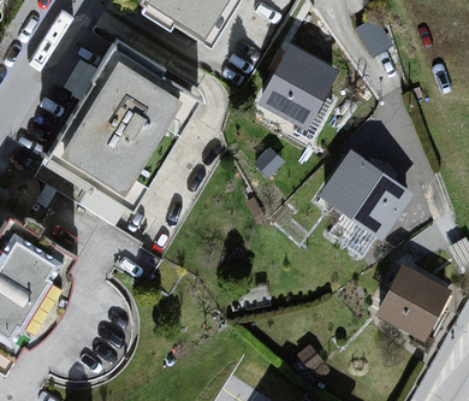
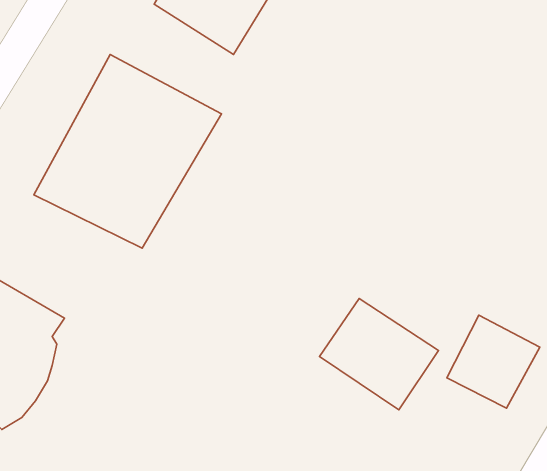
building: [259,47,331,126] -> none
building: [316,151,410,238] -> [320,299,439,410]

